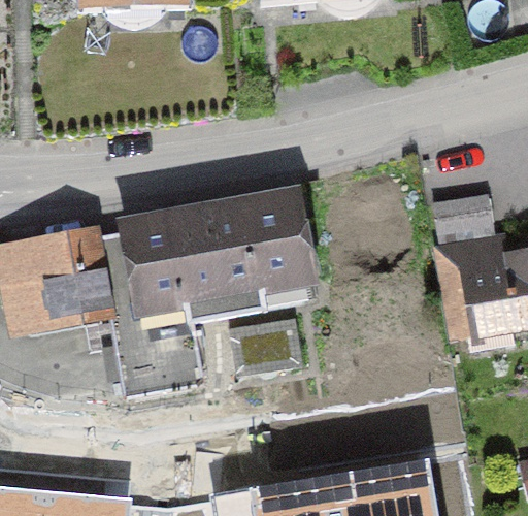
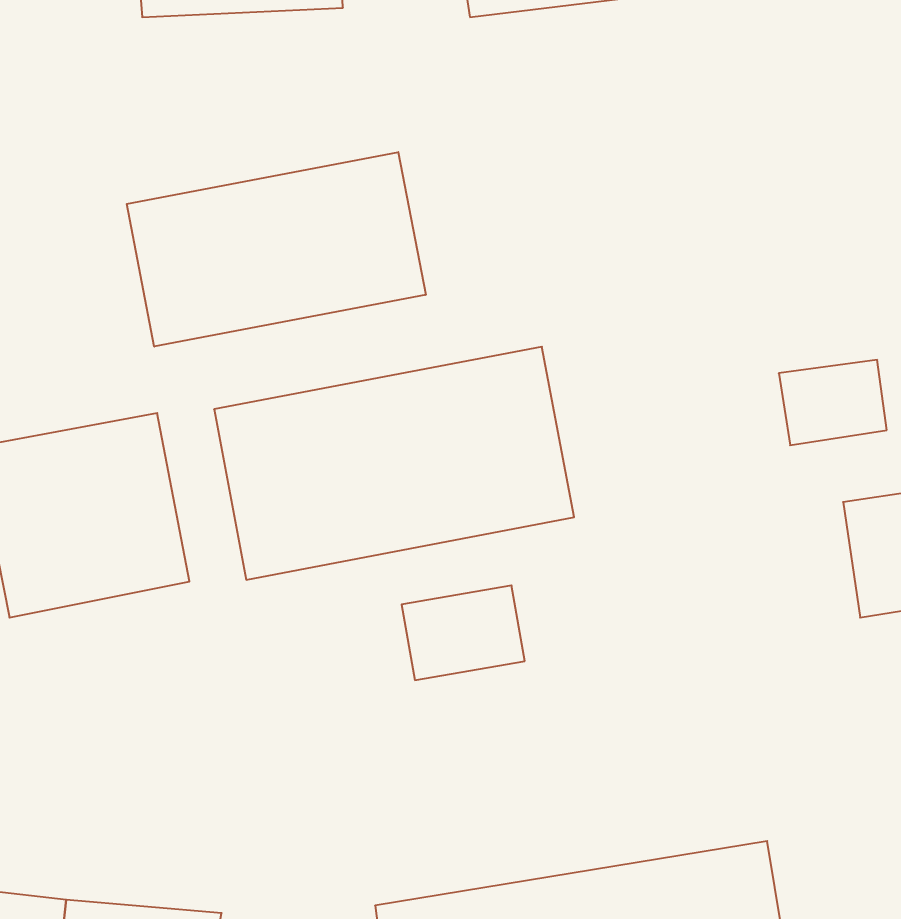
building: none -> [127,152,426,347]

